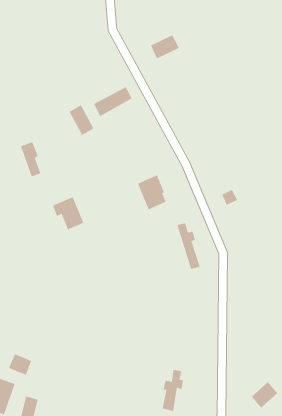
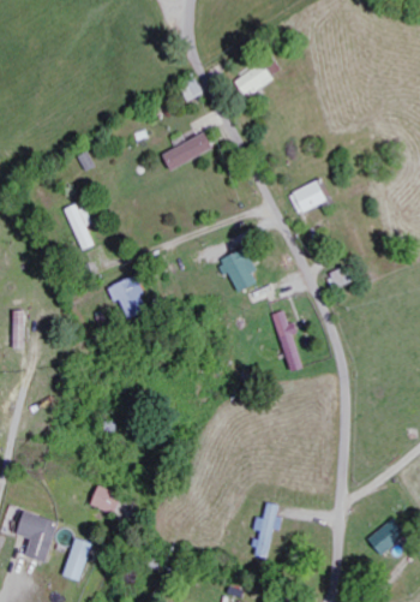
building: [69,104,94,136] -> none
building: none -> [287,179,328,215]
building: [8,354,32,375] -> [89,485,120,514]

